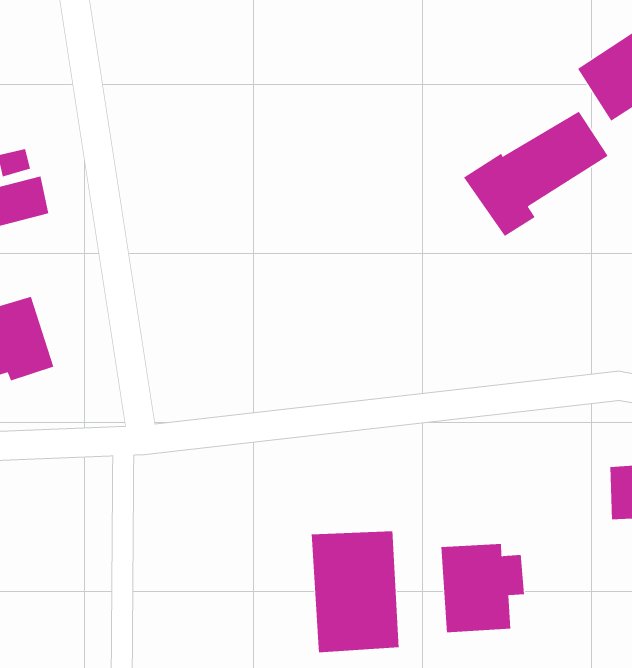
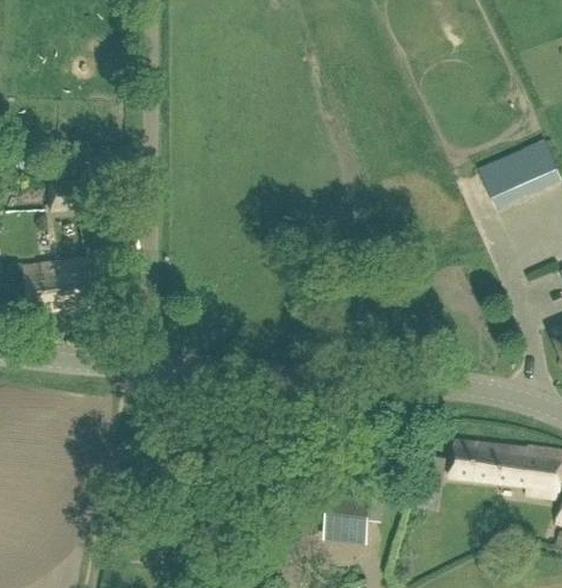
building: [463,111,608,237] -> none
building: [311,530,399,653] -> none

